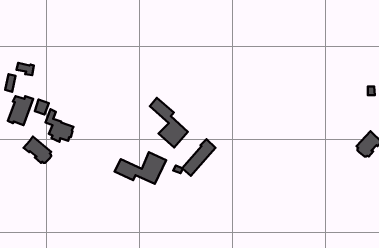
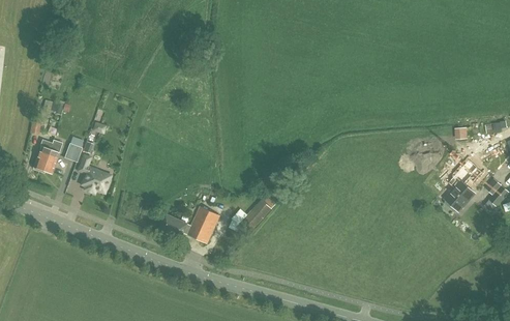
building: [150,98,188,148] -> none
building: [24,137,51,163] -> none

